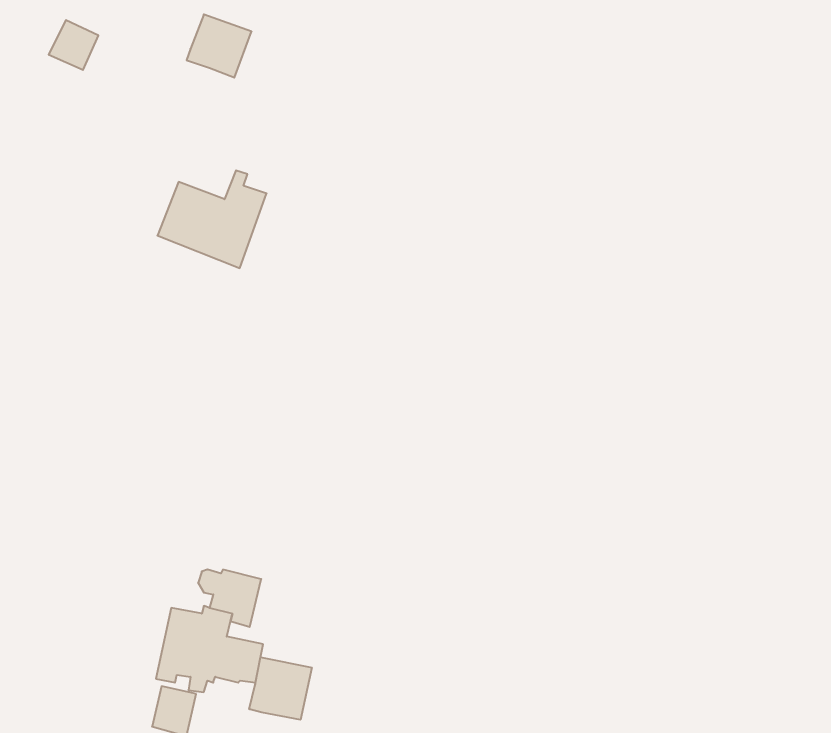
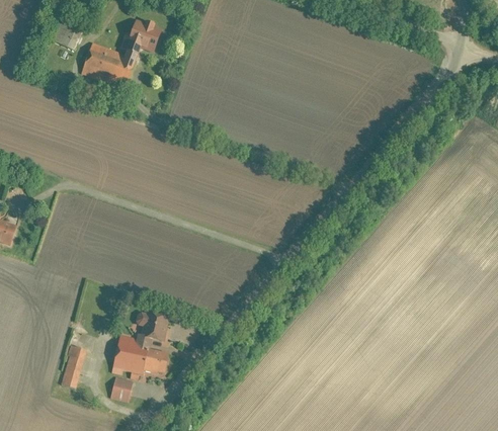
building: [157,170,267,268] -> [83,36,141,88]
building: none -> [61,343,87,386]
building: [249,657,312,720] -> none

